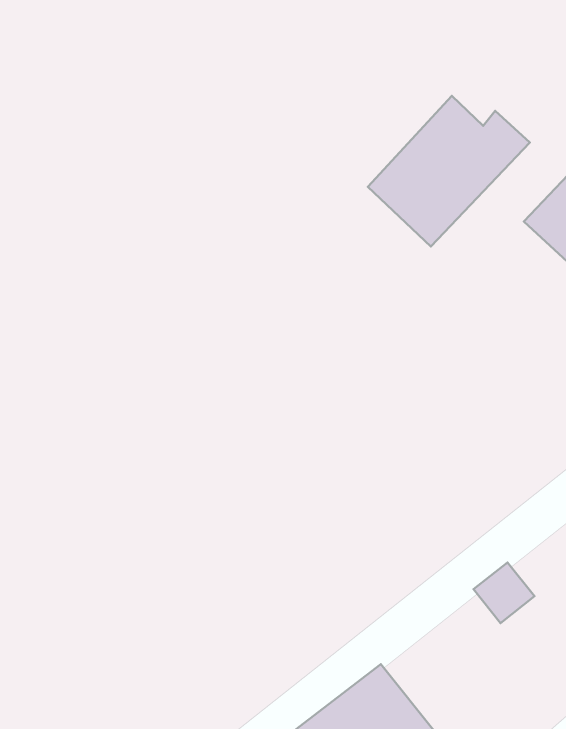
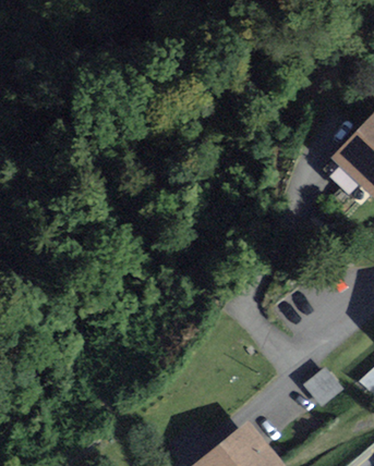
building: [368,96,530,247] -> none

